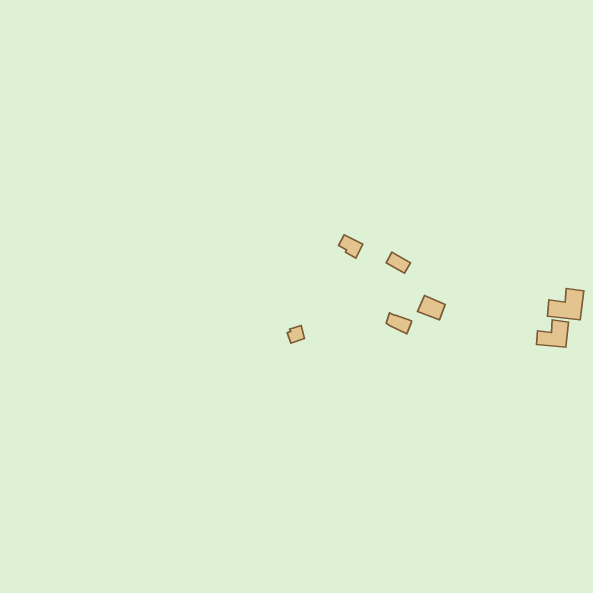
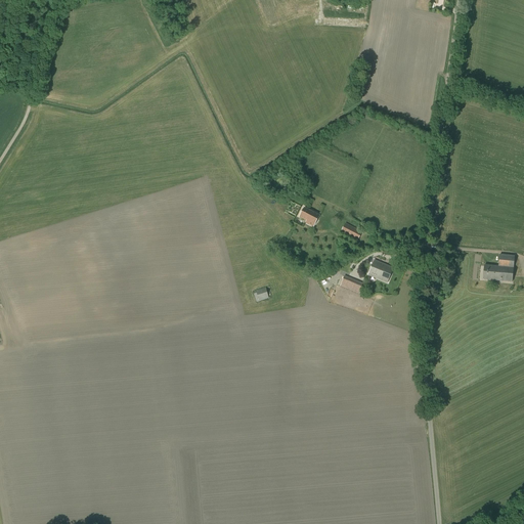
building: [537,320,569,347] -> none

